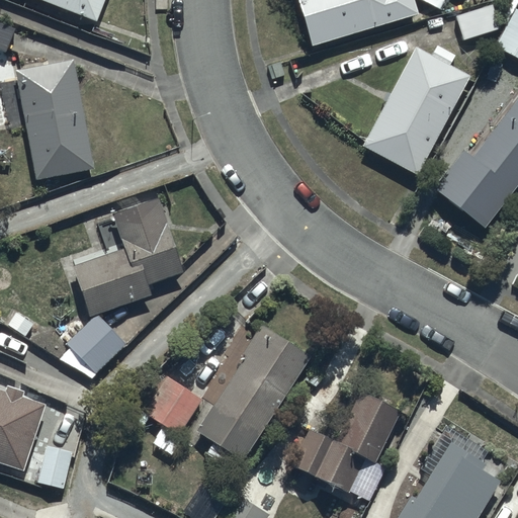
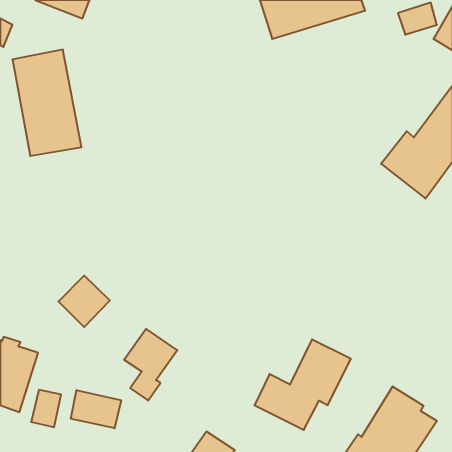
building: [363,45,469,175] -> none
building: [73,197,183,316] -> none
building: [192,325,310,465] -> none
building: none -> [71,390,121,428]

